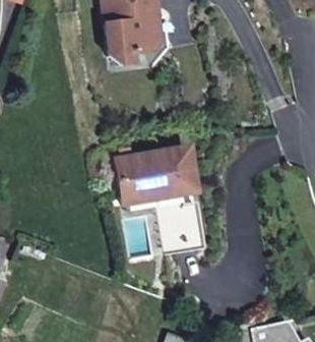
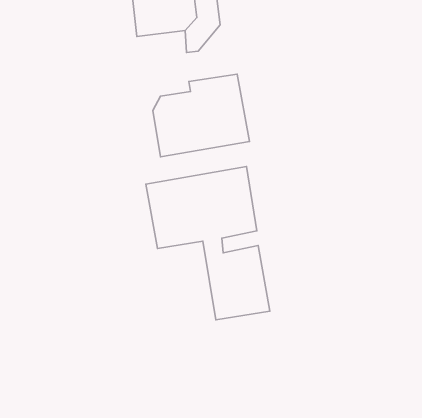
building: none -> [153,74,249,157]

